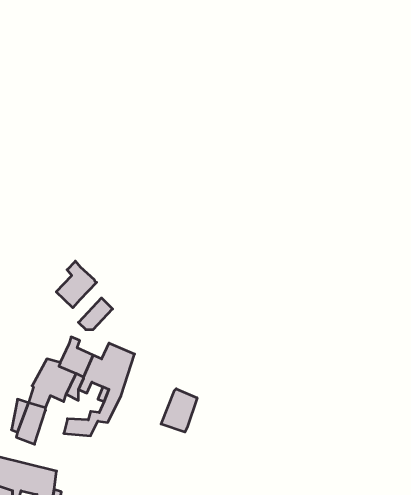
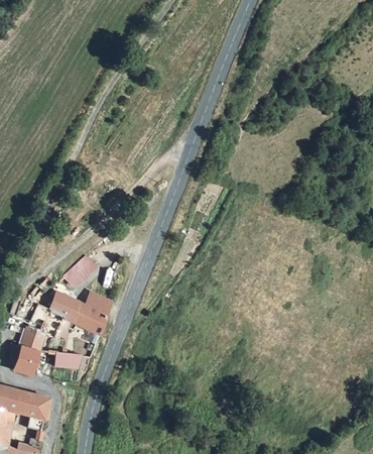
building: [56,261,97,308] -> none
building: [161,389,197,432] -> none

